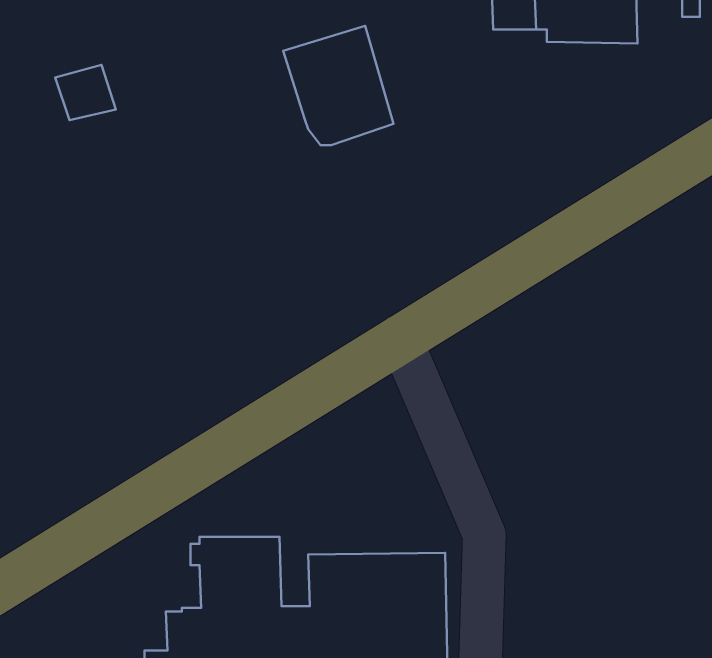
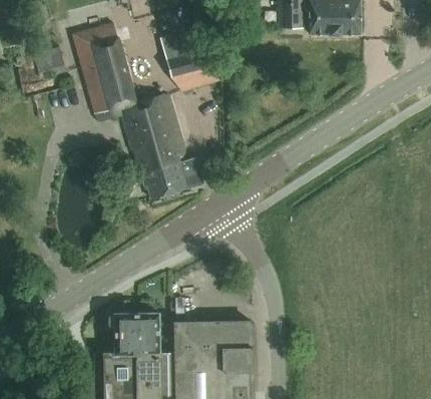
building: none -> [72,22,203,200]

